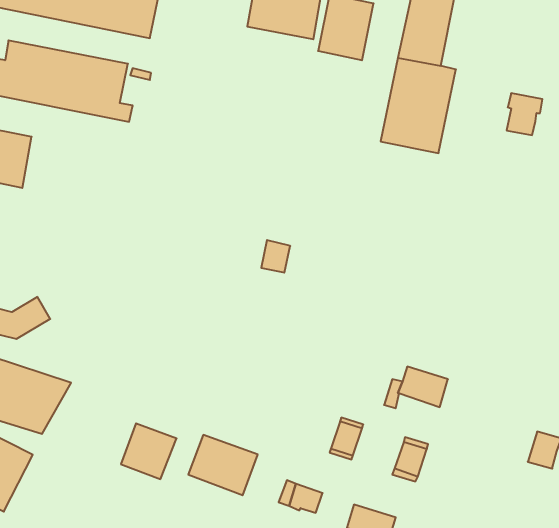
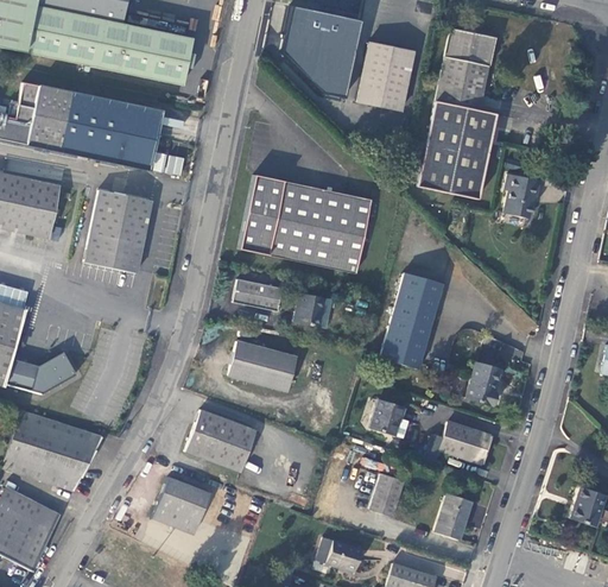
building: [507,93,542,135] -> [501,170,538,213]
building: none -> [241,177,372,274]
building: none -> [84,188,154,271]
building: none -> [382,272,442,368]
building: none -> [235,277,284,308]
building: none -> [230,339,297,389]
building: none -> [467,362,500,404]
building: none -> [369,398,405,436]
building: [188,435,258,495] -> [184,410,255,472]

